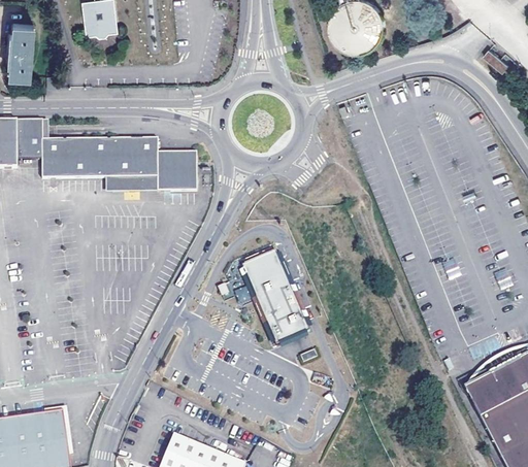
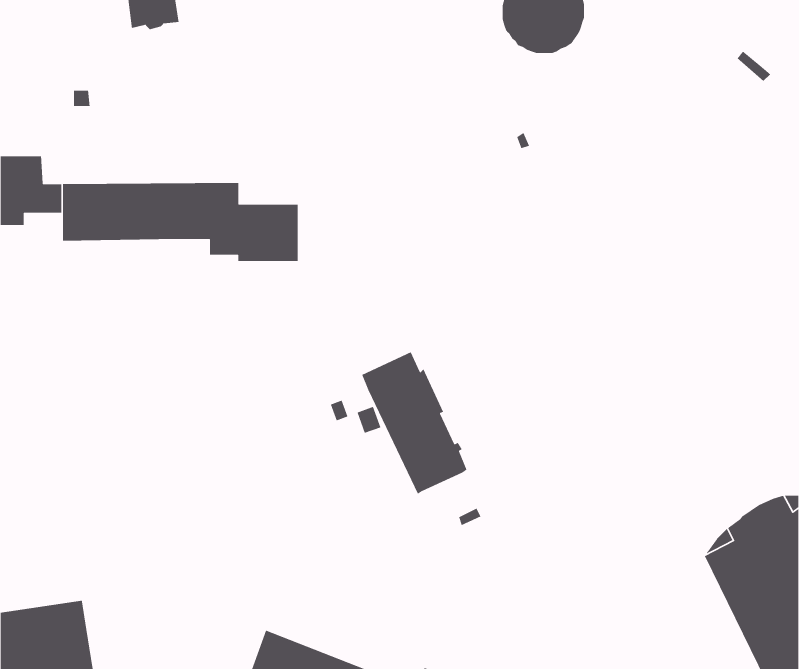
building: [6,22,33,74] -> none
building: [105,174,157,189] -> none

